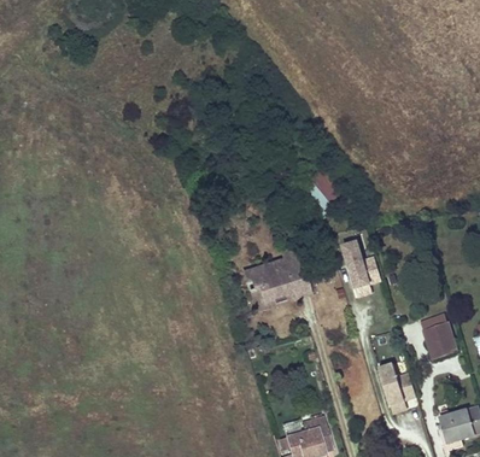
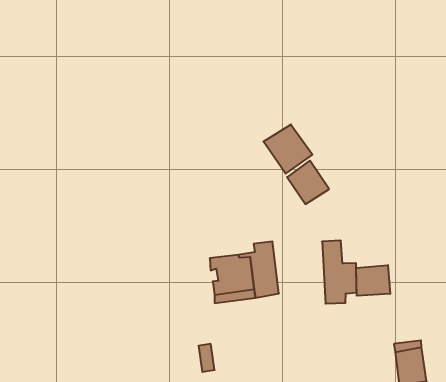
building: none -> [263,124,312,174]
building: none -> [356,265,390,296]

